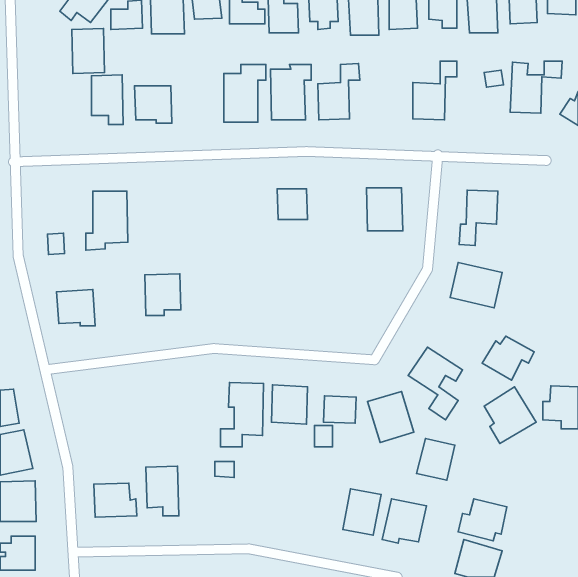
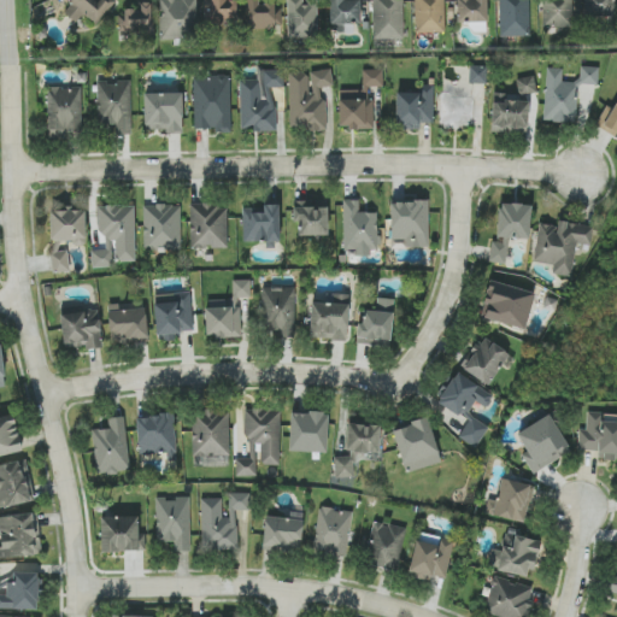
building: [72,28,105,74] -> [47,86,82,134]
building: none -> [193,75,230,128]
building: none -> [395,83,434,127]
building: none -> [490,92,529,133]
building: none -> [342,198,378,253]
building: none -> [143,202,181,247]
building: none -> [189,202,228,247]
building: none -> [242,205,280,241]
building: none -> [49,206,86,241]
building: none -> [533,219,593,275]
building: none -> [206,278,251,336]
building: none -> [263,284,295,336]
building: none -> [308,293,349,339]
building: none -> [357,296,393,342]
building: none -> [108,304,147,341]
building: [482,336,534,380] -> [459,337,515,384]
building: none -> [192,409,230,456]
building: none -> [136,413,176,462]
building: none -> [93,415,130,474]
building: [416,438,455,480] -> [493,477,534,522]
building: none -> [200,496,237,548]
building: none -> [312,505,353,557]
building: none -> [263,511,302,550]

